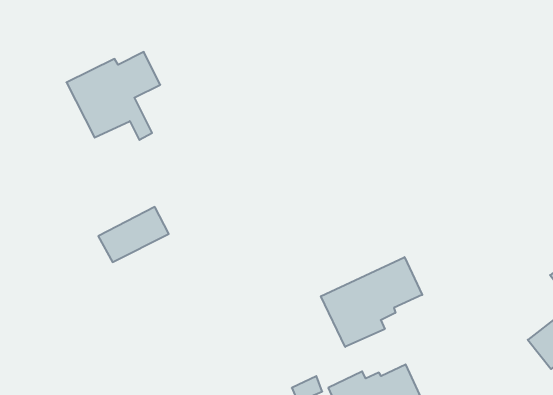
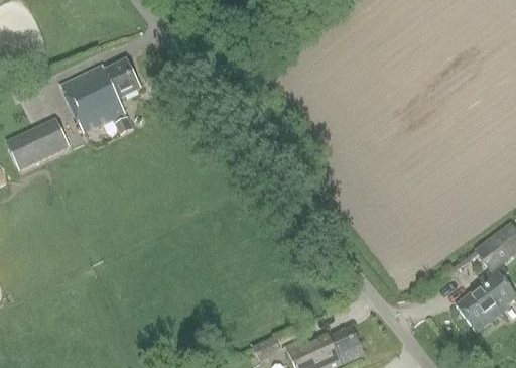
building: [98,207,169,262] -> [9,122,70,169]
building: [321,257,422,347] -> none

